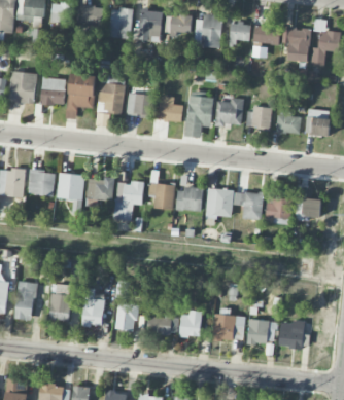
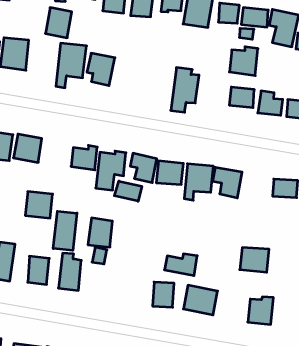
building: [40,77,66,107] -> [45,8,72,38]
building: [127,94,152,116] -> none
building: [158,96,182,122] -> none
building: [215,98,243,126] -> [229,47,258,76]
building: [58,174,84,199] -> [25,192,53,218]
building: [266,197,290,224] -> none
building: none -> [114,181,142,201]
building: none -> [53,211,77,250]
building: [114,301,138,330] -> [88,218,112,247]
building: [147,314,180,335] -> [164,254,197,276]
building: [247,321,276,344] -> [240,248,269,272]

